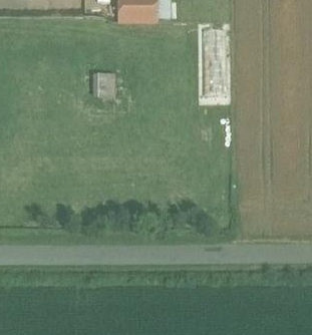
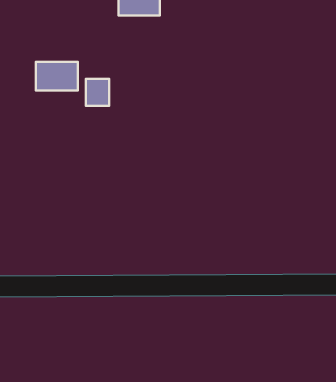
building: none -> [36,62,78,90]

